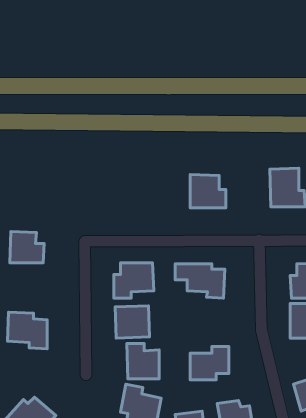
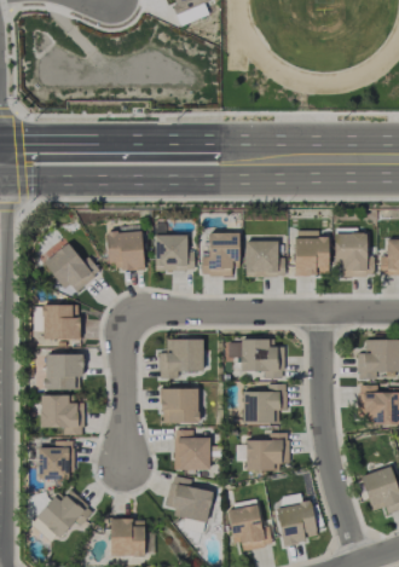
building: none -> [294,230,328,276]
building: none -> [105,231,143,270]
building: none -> [201,231,239,277]
building: none -> [154,233,193,270]
building: none -> [42,242,100,291]
building: none -> [45,353,82,389]
building: none -> [242,383,285,423]
building: none -> [39,440,73,480]

